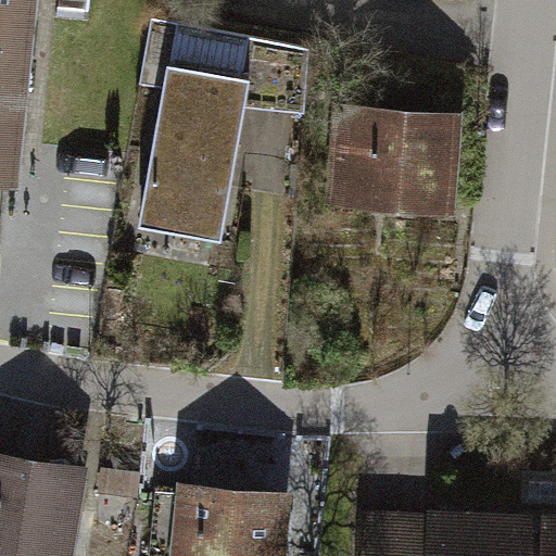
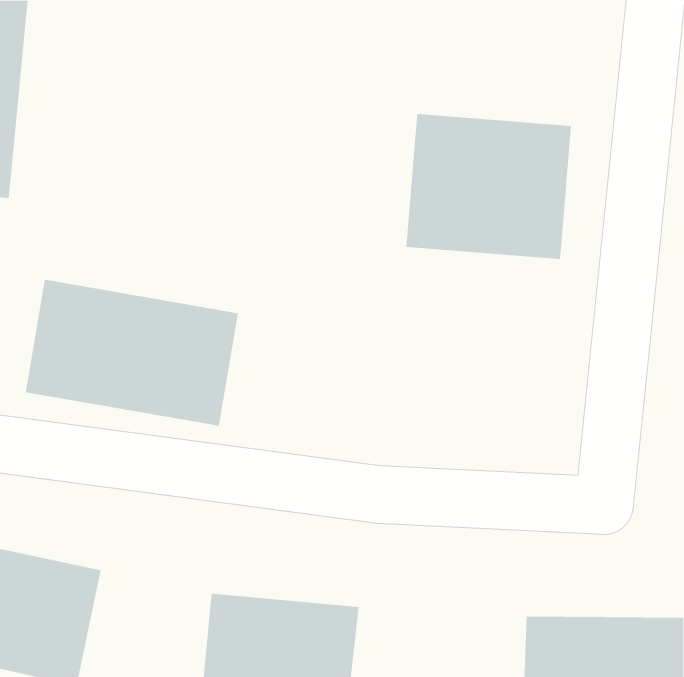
building: [138,29,317,250] -> none
building: none -> [25,279,239,426]

